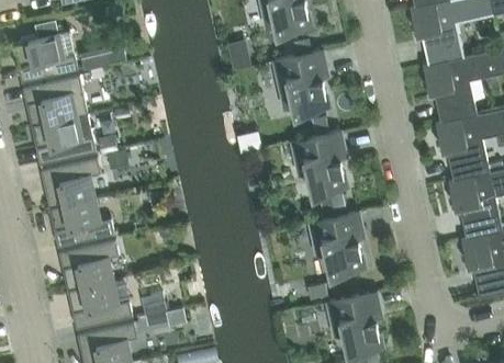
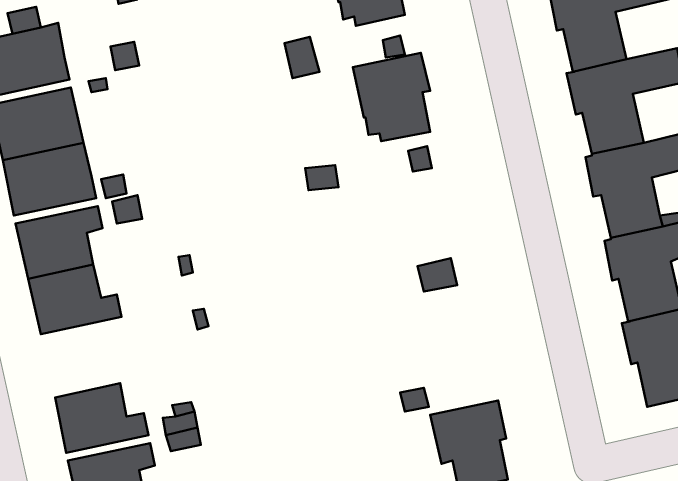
building: [293,132,347,194] -> none
building: [311,213,365,274] -> none
building: [59,240,120,291] -> none

